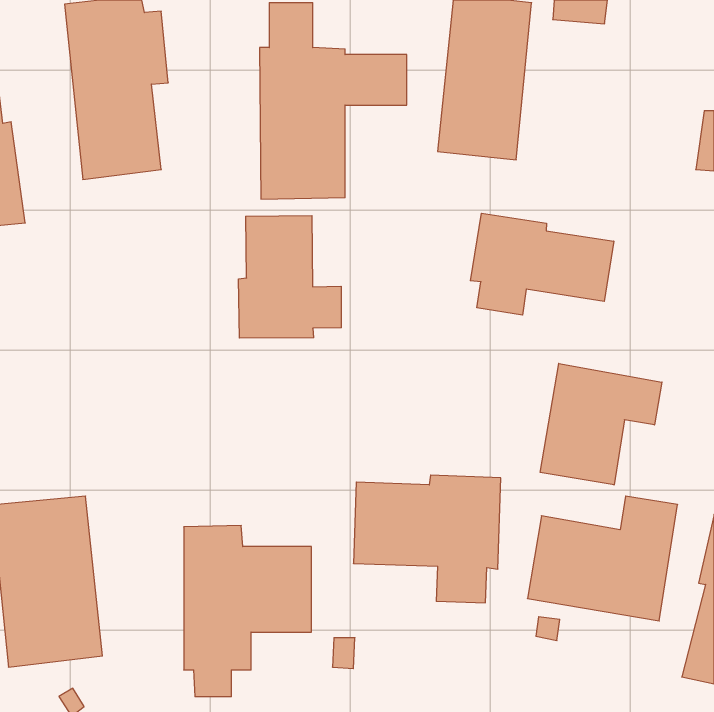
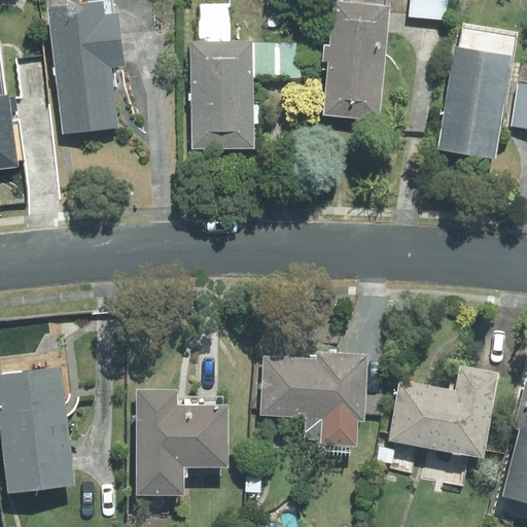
building: none -> [436,44,512,159]
building: [470,213,614,315] -> none
building: [239,216,341,338] -> none
building: [540,363,662,485] -> none

